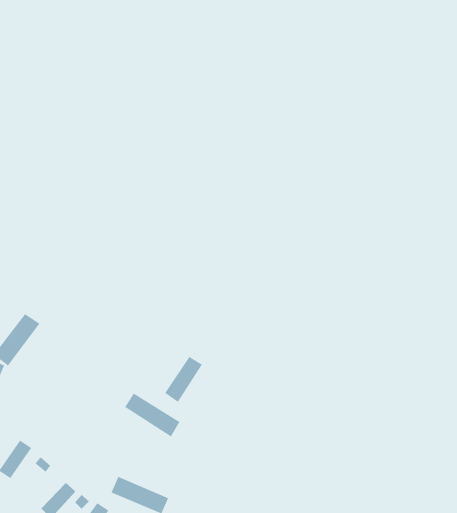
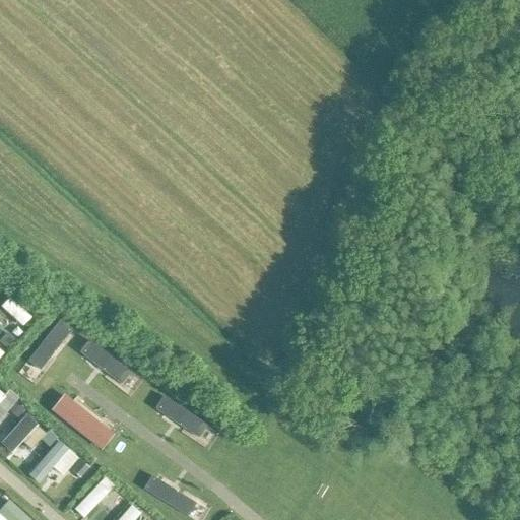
building: none -> [79,338,133,386]
building: [164,356,203,403] -> none
building: none -> [58,398,106,443]

